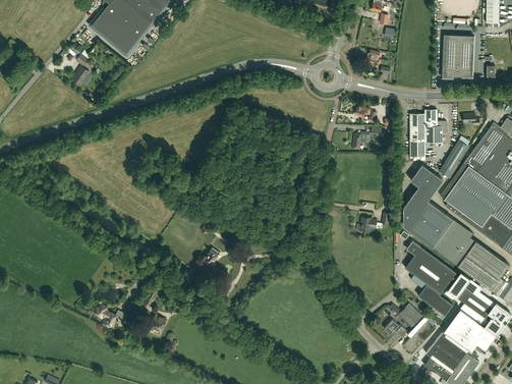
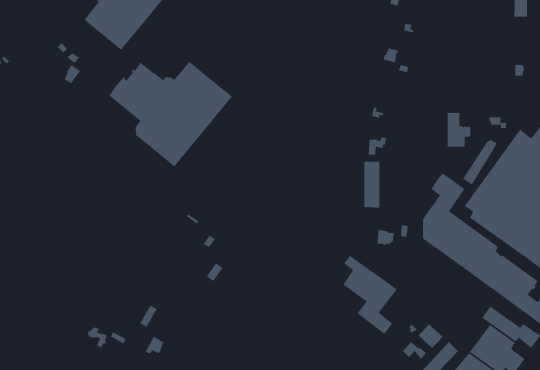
building: [443,35,474,77] -> none
building: none -> [108,61,233,168]
building: [409,115,424,159] -> [363,161,380,209]
building: [405,241,456,315] -> [342,255,398,335]

